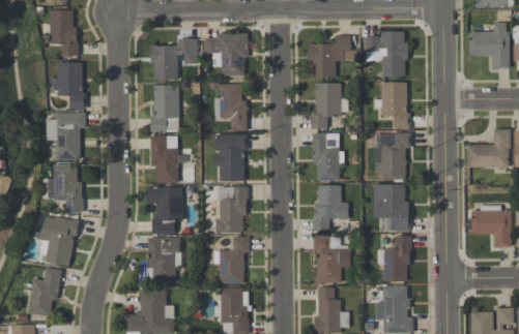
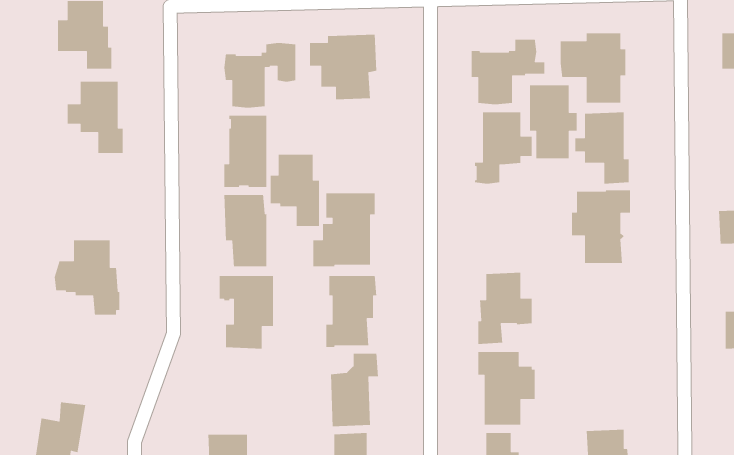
building: [214,85,247,131] -> [270,154,320,227]
building: [48,113,86,160] -> none
building: [313,133,344,181] -> [529,85,578,159]
building: [374,184,411,231] -> none
building: [36,217,80,267] -> none
building: [377,235,411,281] -> none
building: [148,238,179,284] -> none

